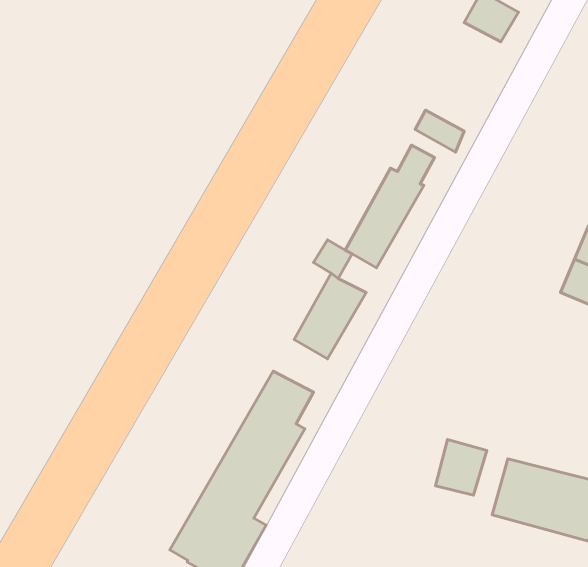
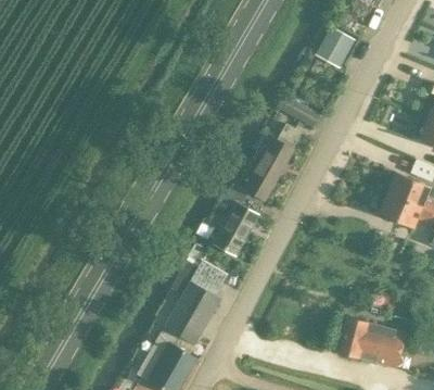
building: [435,440,487,495] -> none

